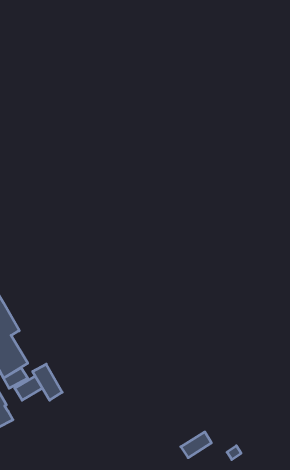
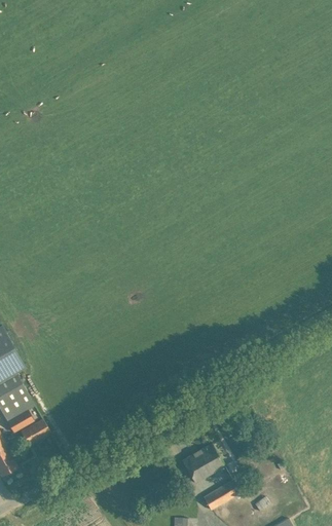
building: [33,364,62,400] -> none
building: none -> [182,444,225,484]

